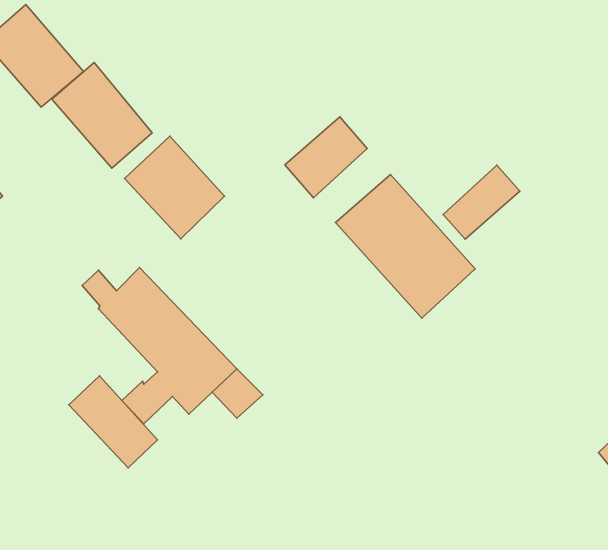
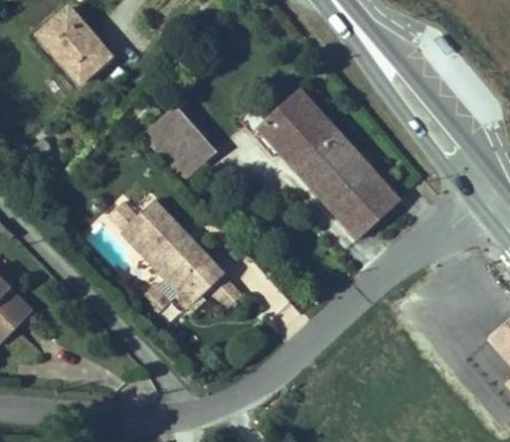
building: [52,62,152,168] -> none
building: [443,165,520,239] -> [281,113,337,167]
building: [69,376,157,468] -> none

